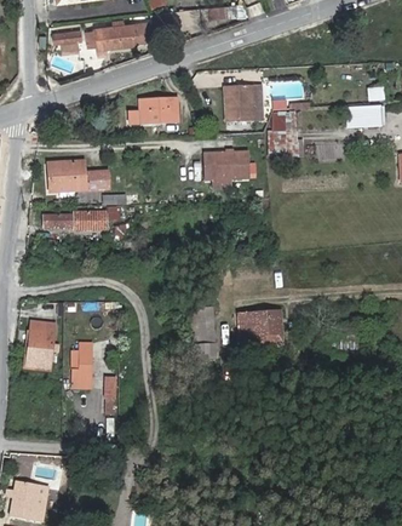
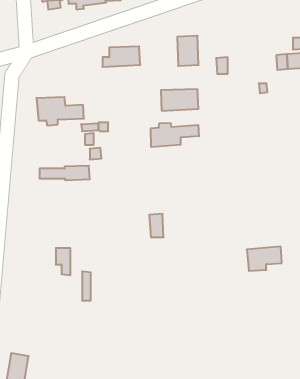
building: none -> [151,123,199,147]
building: [42,211,105,229] -> [39,166,90,180]
building: [237,310,281,341] -> [247,247,282,271]
building: [27,321,53,366] -> none

